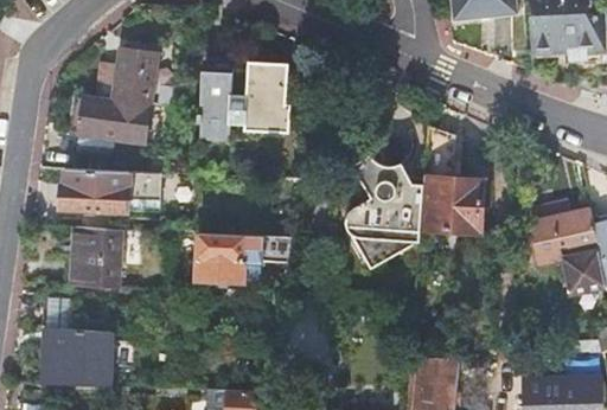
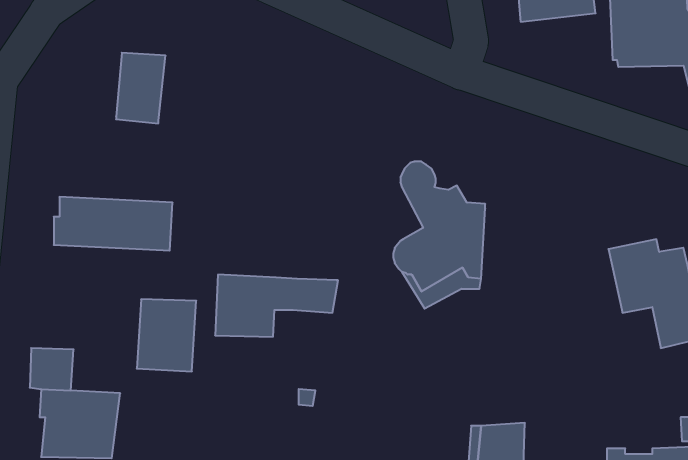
building: [198,59,287,132] -> none
building: [77,98,148,140] -> none
building: [422,127,481,233] -> none
building: [71,229,121,289] -> [137,299,196,371]

